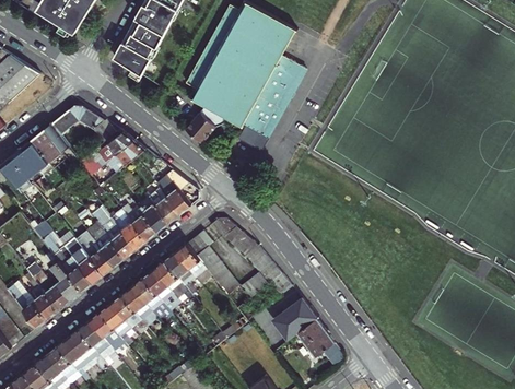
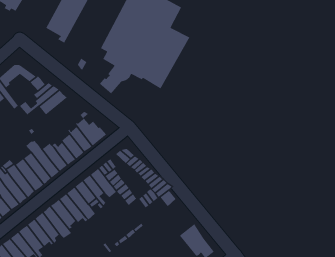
building: [271,298,315,341] -> none

